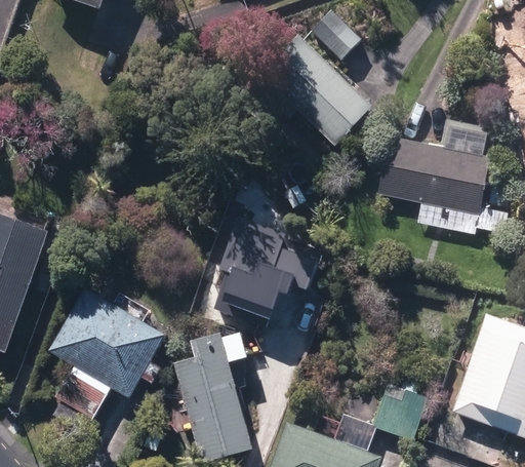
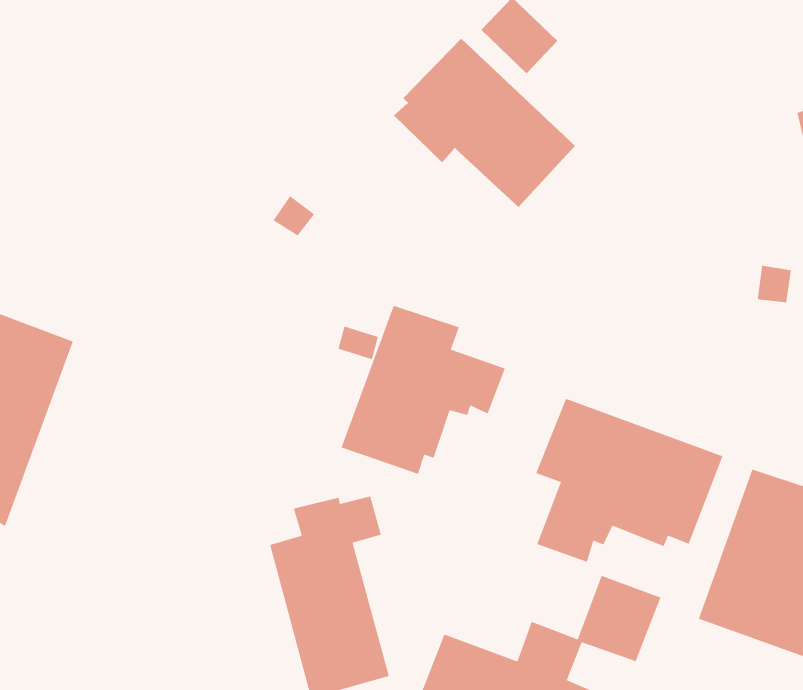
building: [376,119,509,235] -> none
building: none -> [535,398,724,563]
building: [49,285,167,418] -> none

